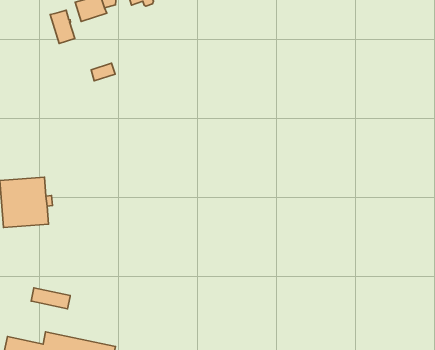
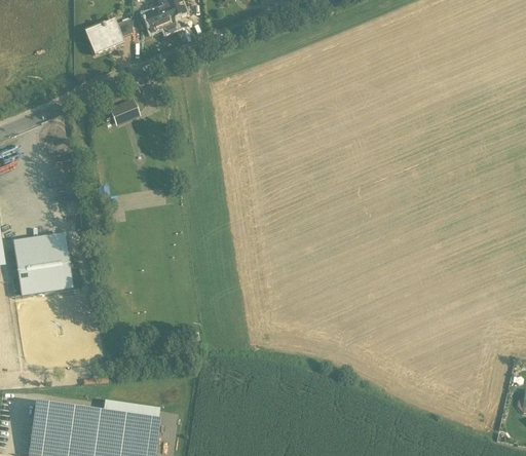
building: [50,10,75,44] -> none
building: [31,288,70,309] -> [34,403,78,424]

